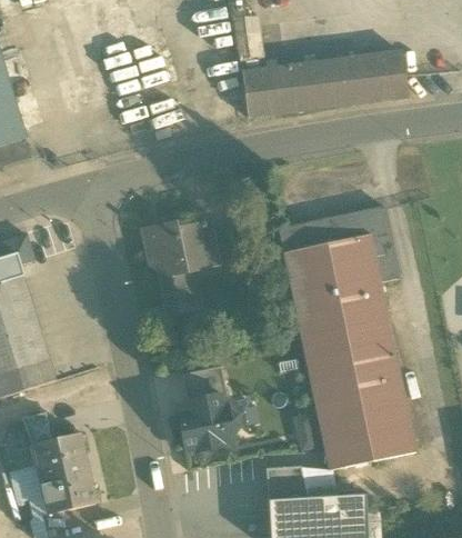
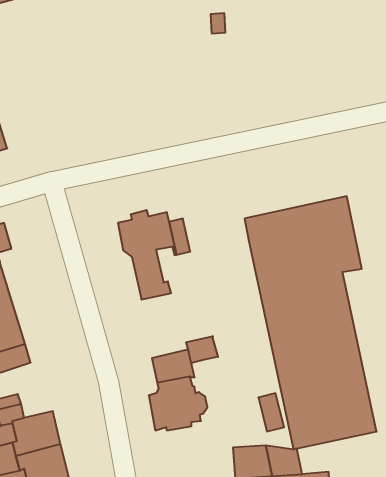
building: [243,53,409,118] -> none
building: none -> [186,336,218,363]

